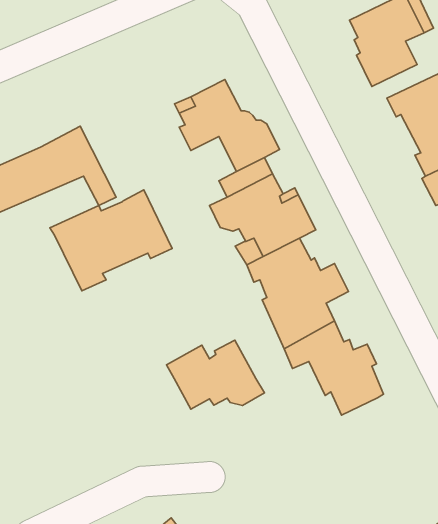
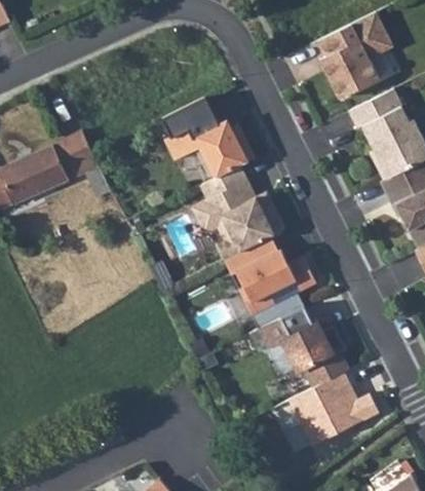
building: [50,190,172,291] -> none
building: [167,340,264,409] -> none
building: none -> [285,373,375,446]

